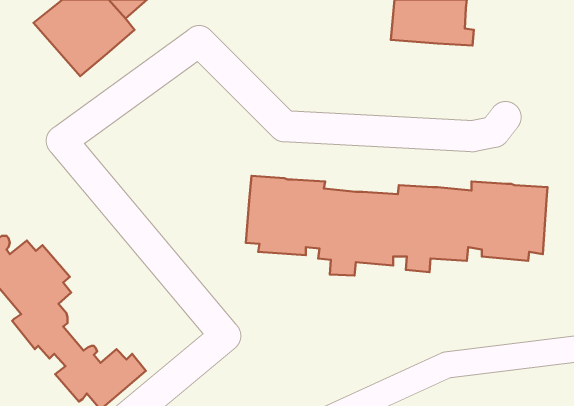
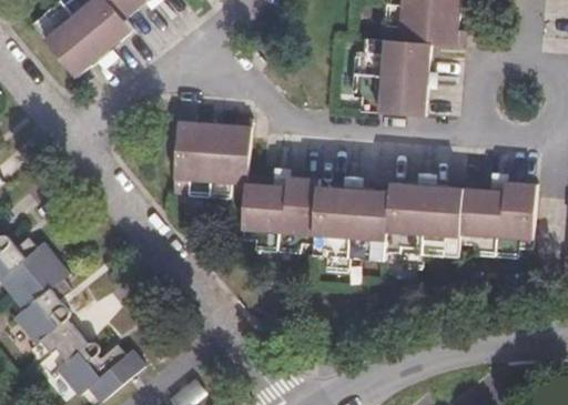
building: none -> [353,39,429,115]
building: none -> [173,113,251,198]

